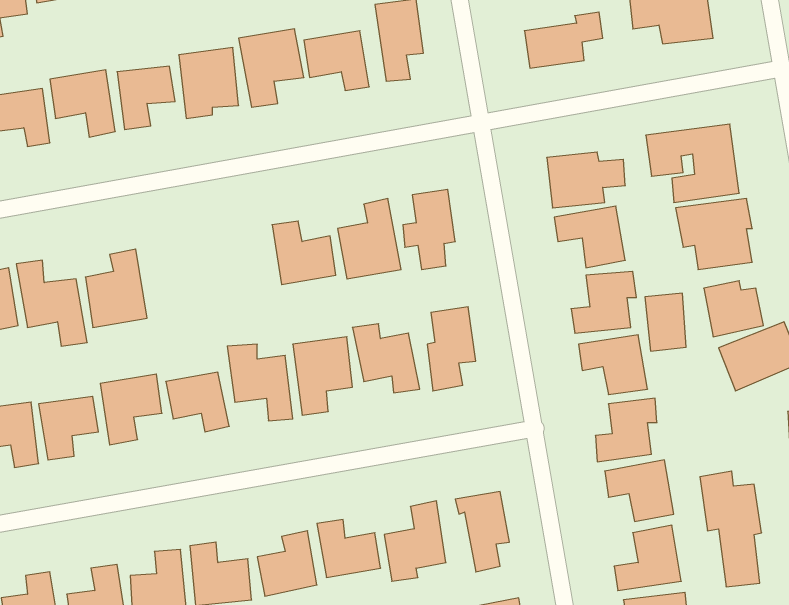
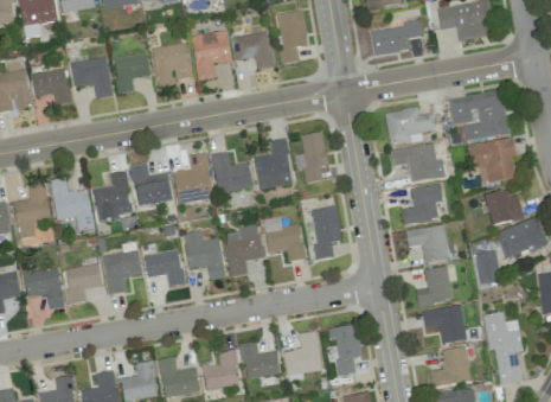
building: none -> [174,152,213,203]
building: none -> [133,162,172,205]
building: [645,293,686,351] -> [474,250,500,287]

